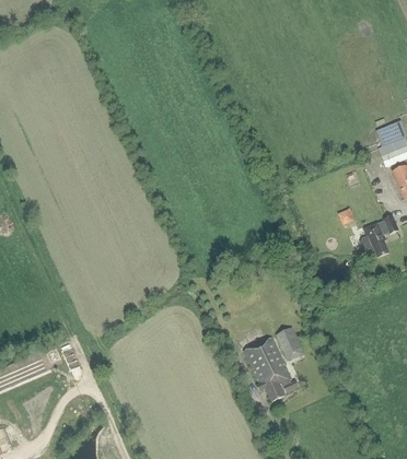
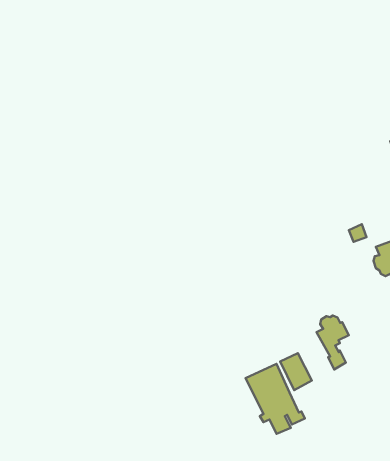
building: none -> [317,315,349,369]

